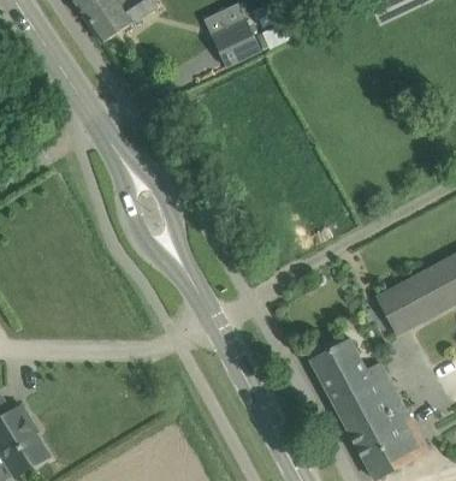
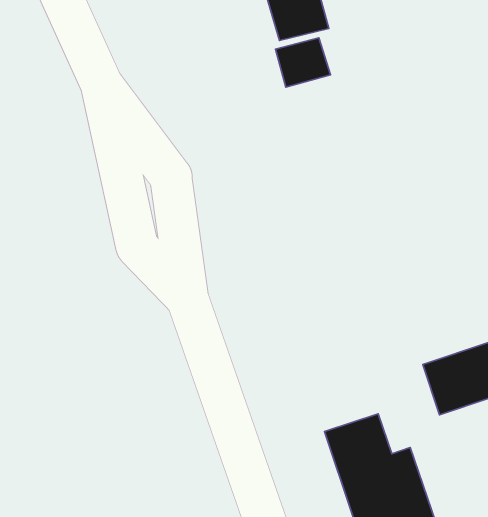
building: none -> [276,38,330,87]

